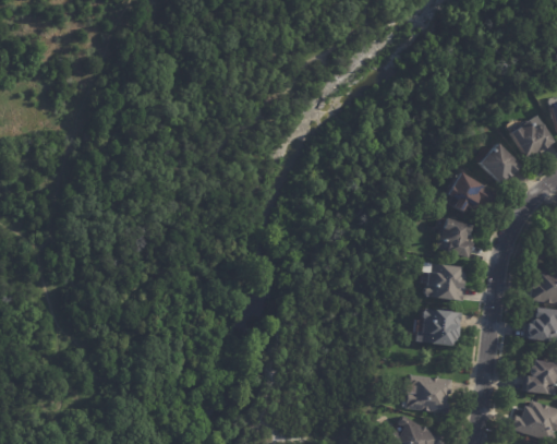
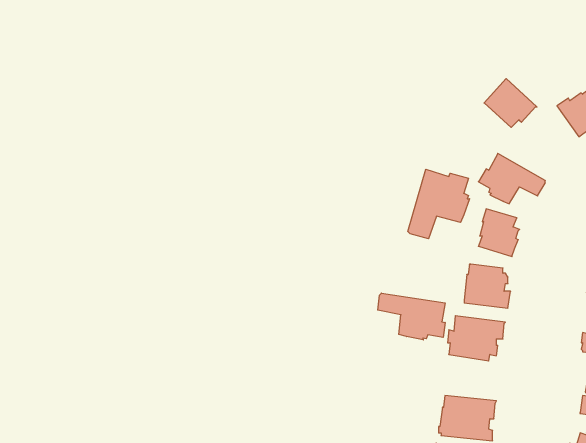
building: [476,141,521,182] -> [484,79,537,127]
building: none -> [408,169,470,239]
building: none -> [378,293,445,340]

